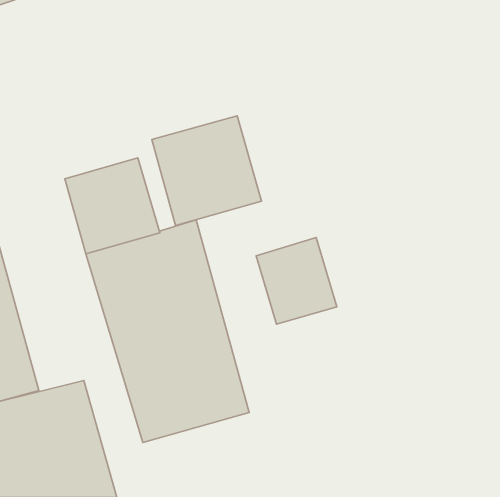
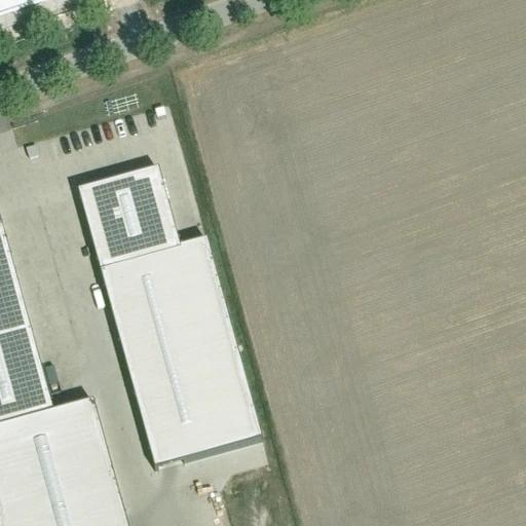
building: [152,116,262,226] -> none
building: [256,238,337,324] -> none

